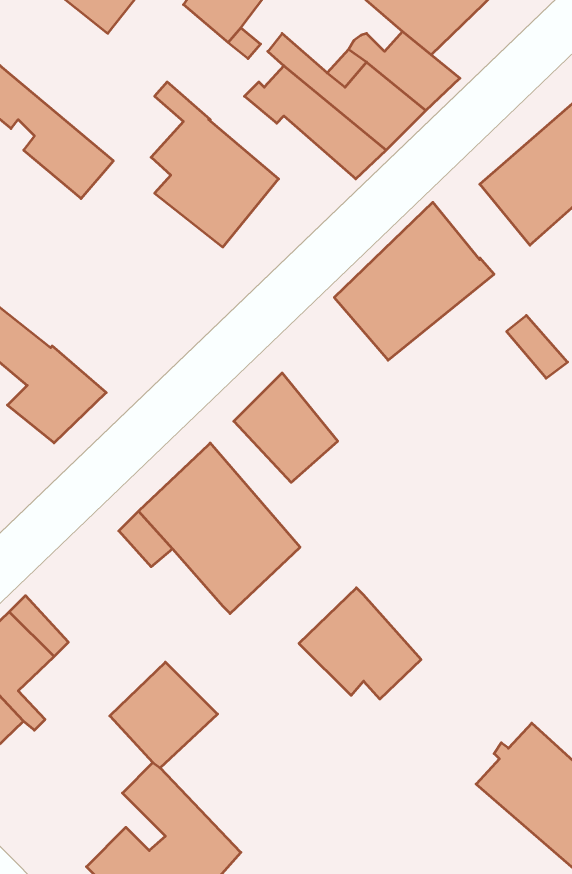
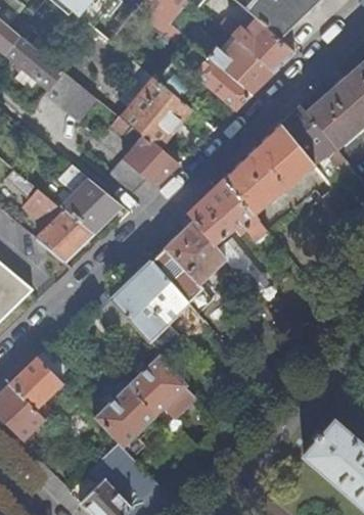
building: none -> [279,104,345,168]
building: none -> [110,116,179,194]
building: none -> [58,166,120,232]
building: none -> [188,178,268,294]
building: [299,588,421,699] -> [127,354,196,417]

